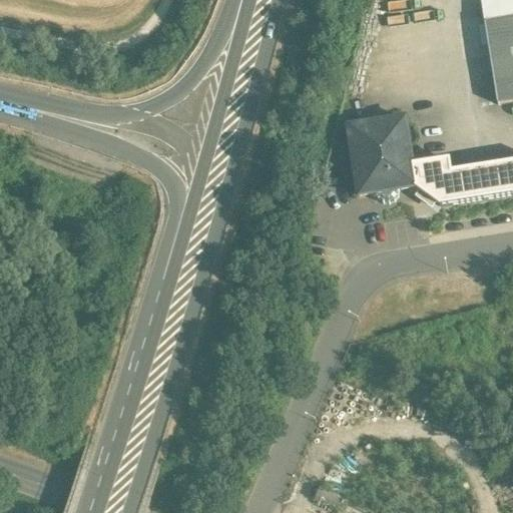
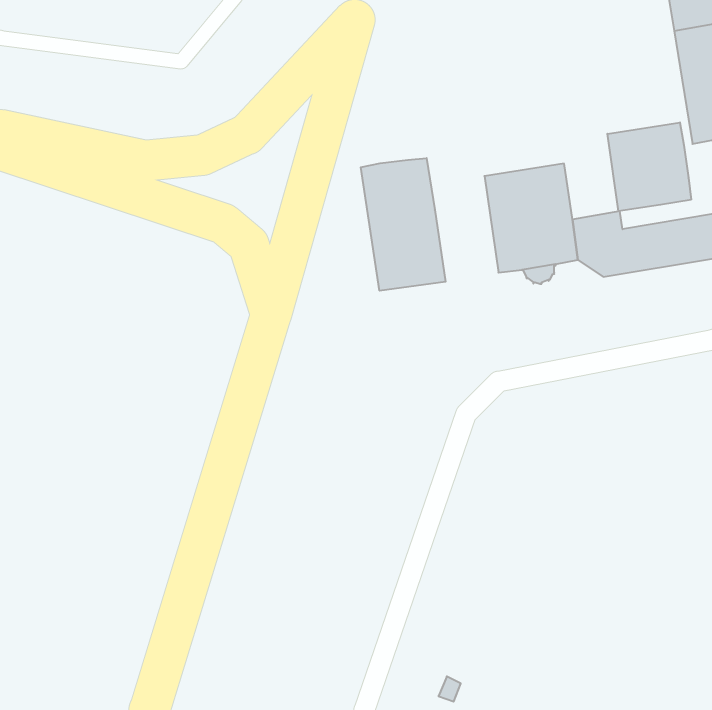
building: none -> [607,122,691,211]
building: none -> [361,158,446,291]

